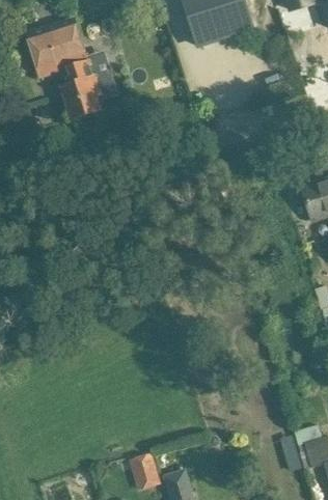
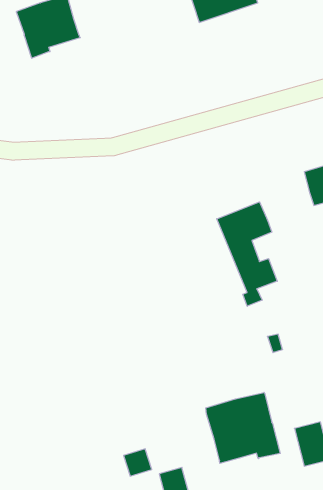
building: [62,59,117,118] -> none
building: none -> [217,202,277,306]
building: none -> [206,392,280,463]

